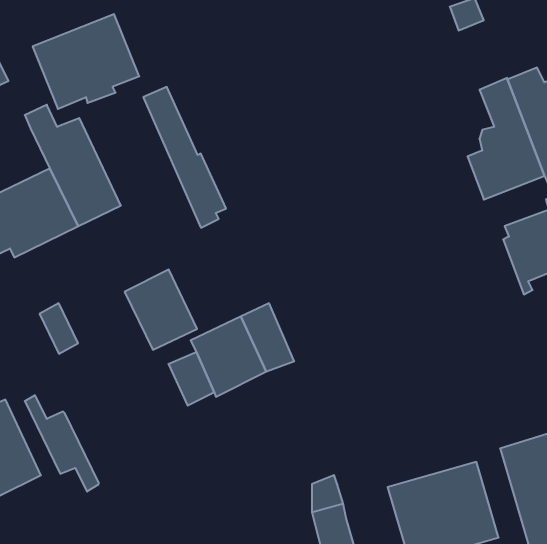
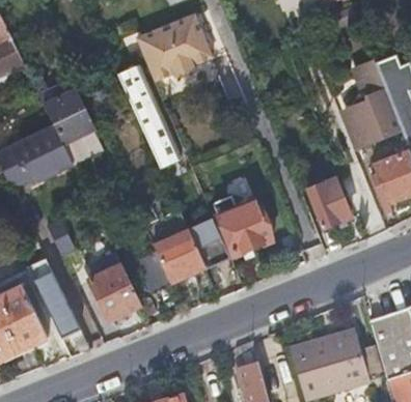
building: [33,14,139,109] -> [137,13,212,80]
building: none -> [306,178,351,228]
building: none -> [215,195,272,253]
building: [125,270,197,350] -> [90,263,141,319]

